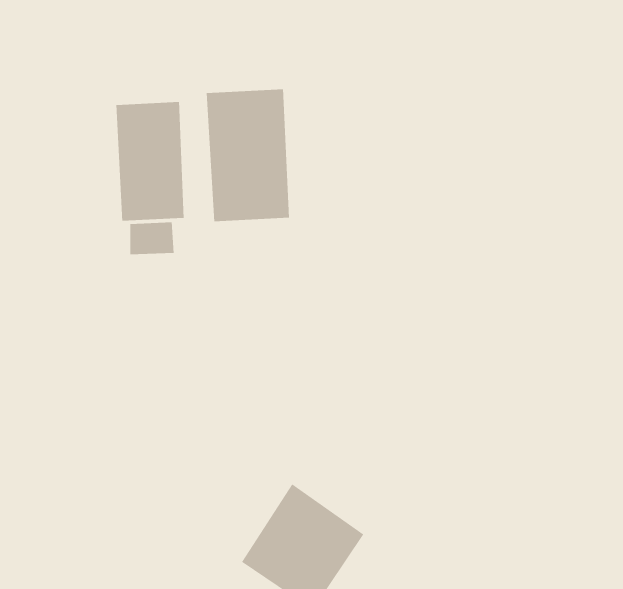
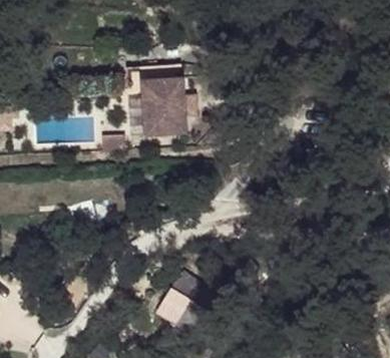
building: [116,101,184,221] -> none

